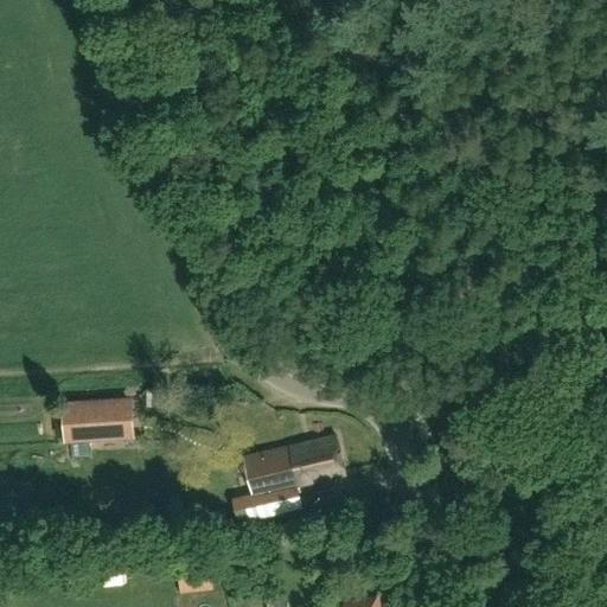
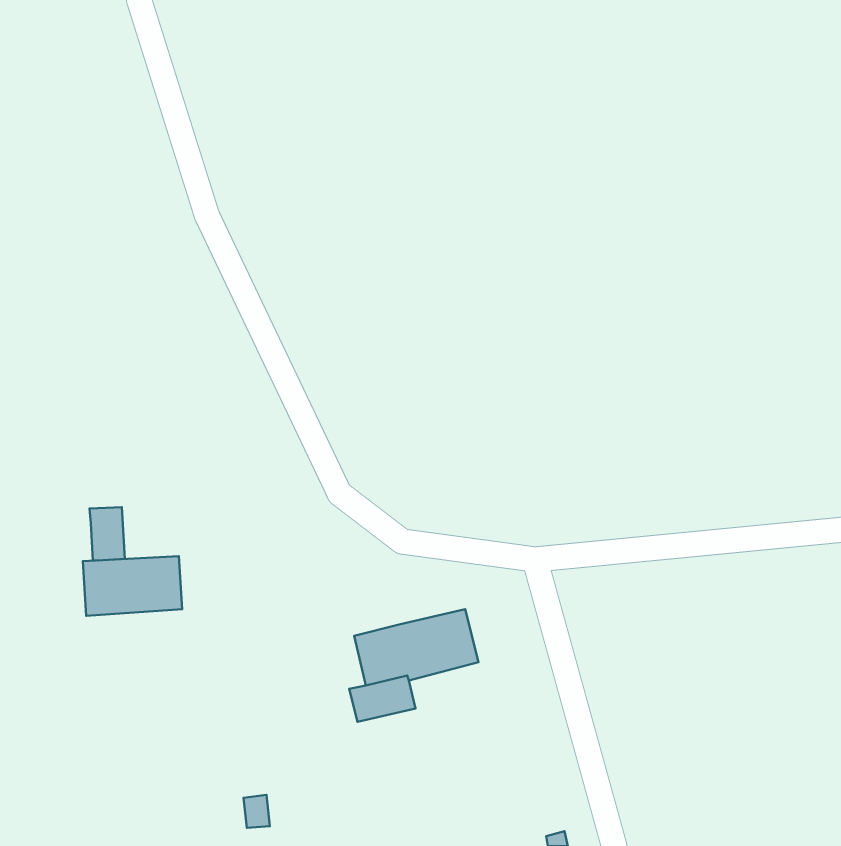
building: none -> [90,507,125,560]

